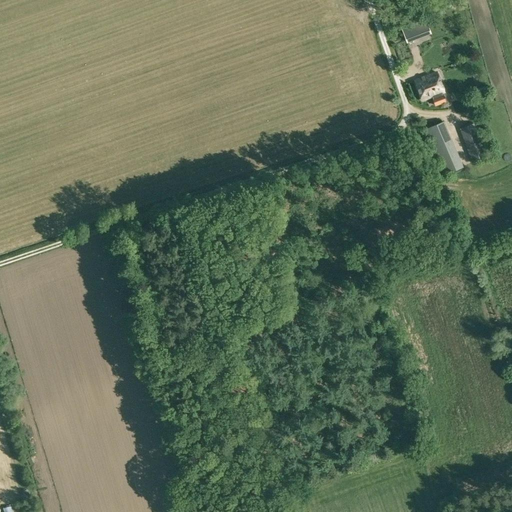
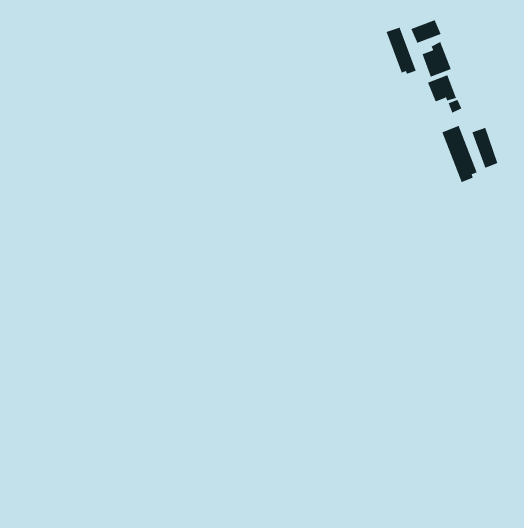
building: none -> [386,27,417,75]
building: none -> [422,41,451,78]

